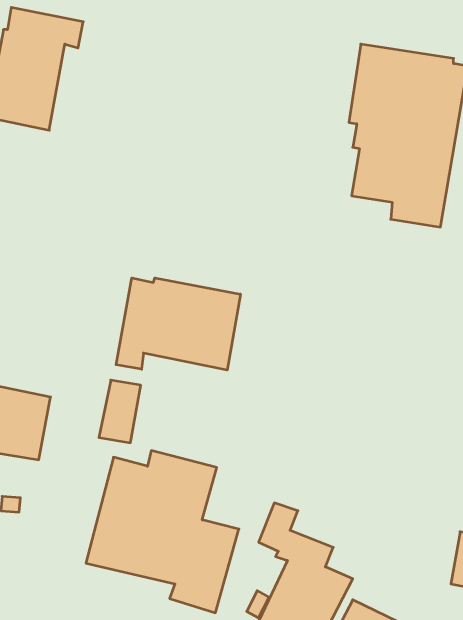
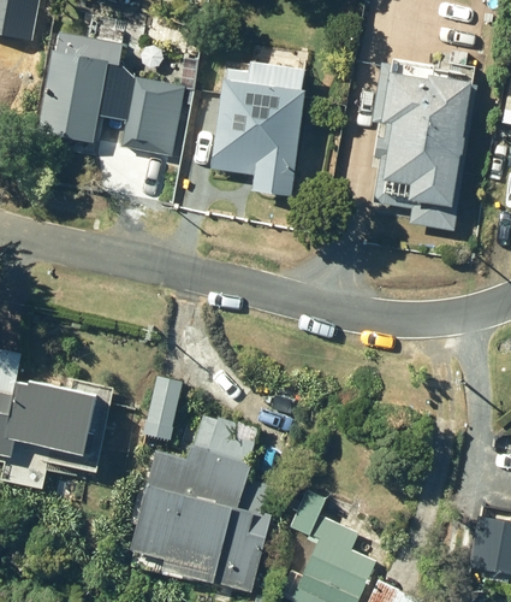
building: none -> [213,64,311,200]
building: none -> [121,81,186,161]
building: [116,278,240,370] -> none

